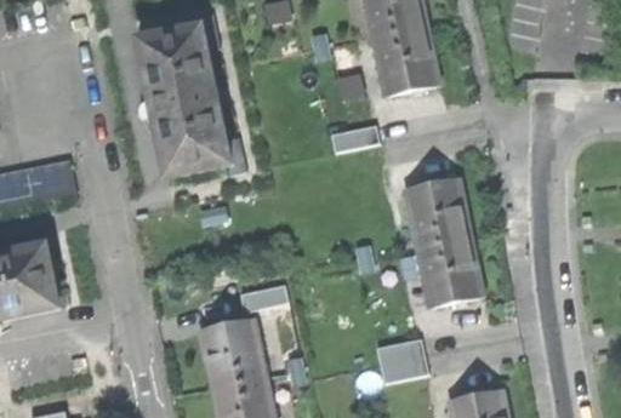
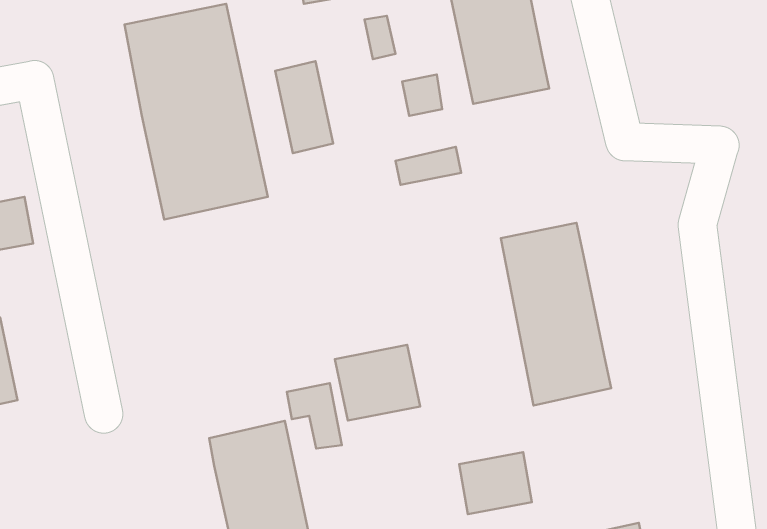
building: none -> [275,61,333,153]
building: none -> [335,345,420,421]

